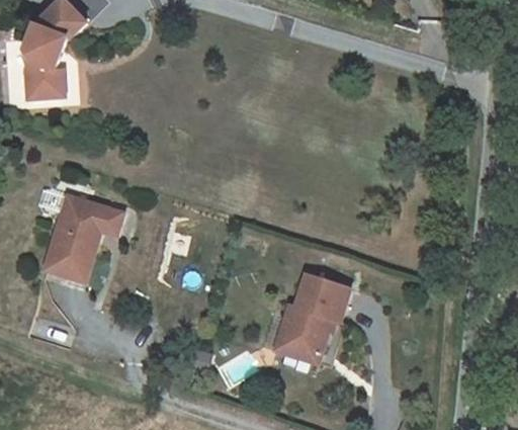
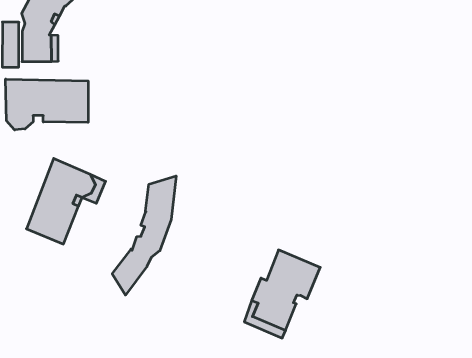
building: none -> [6,79,88,130]
building: none -> [112,176,176,295]

